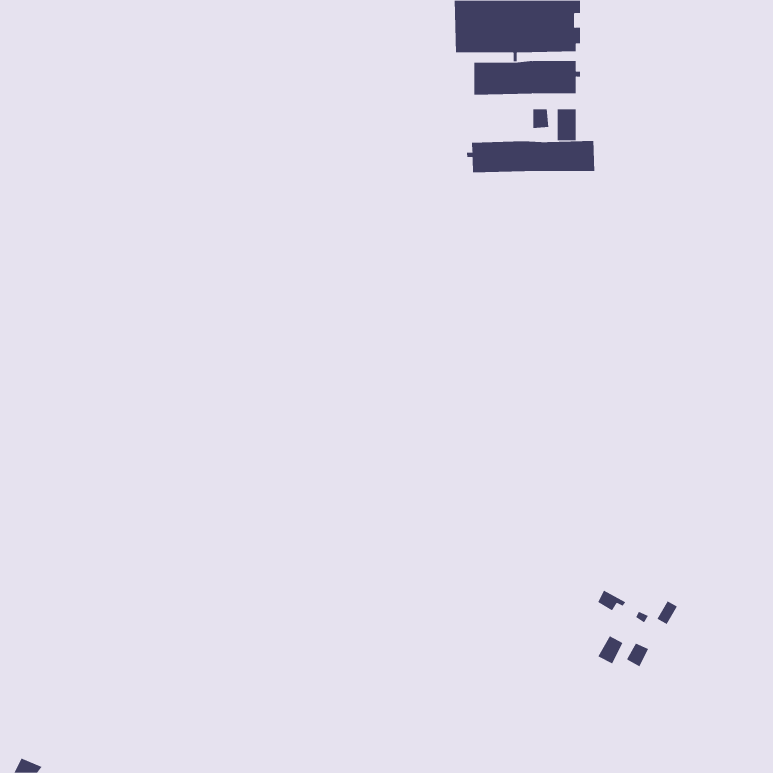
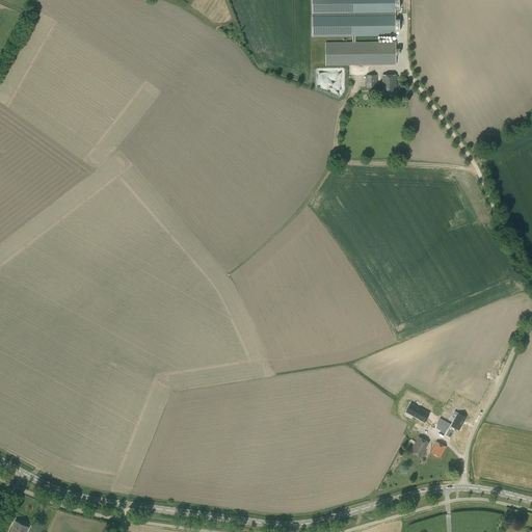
building: [467,140,595,173] -> none

